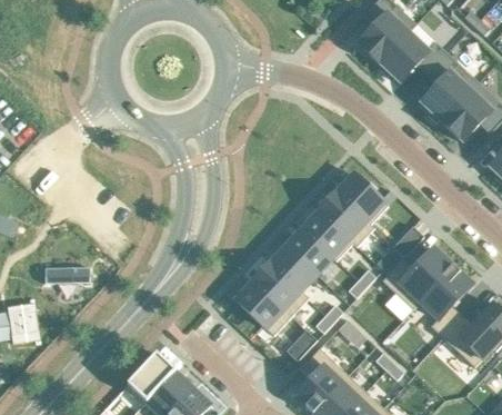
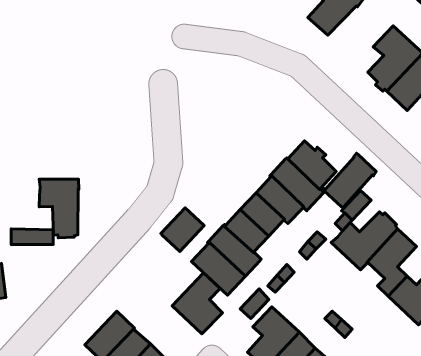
building: [378,31,446,82] -> none
building: none -> [323,153,376,208]
building: none -> [39,179,79,238]
building: none -> [161,208,204,251]
building: none -> [172,273,222,334]

